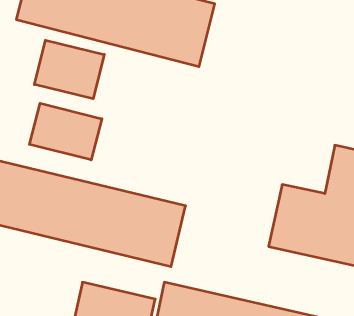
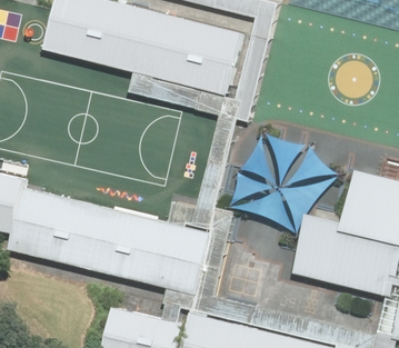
building: [34,40,104,99] -> none
building: [29,103,102,160] -> none

